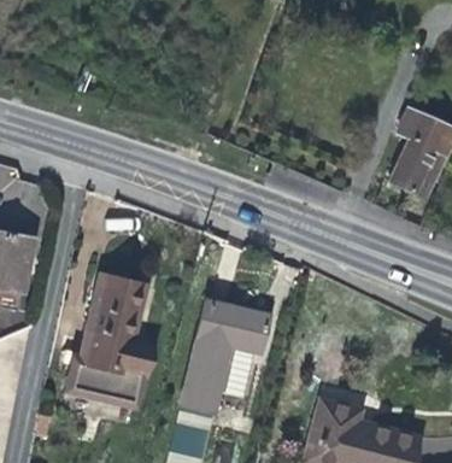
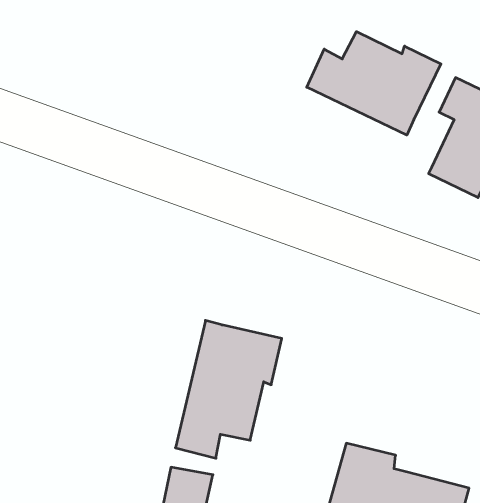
building: none -> [307,32,441,135]
building: [66,275,152,406] -> none

